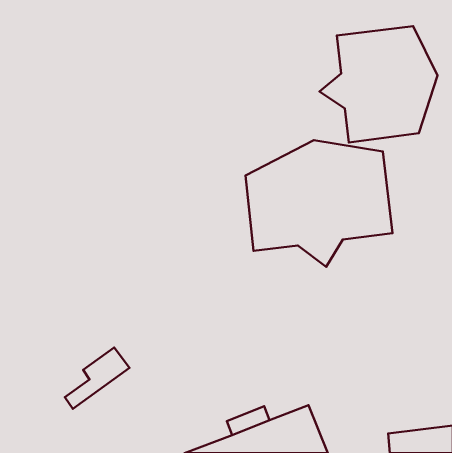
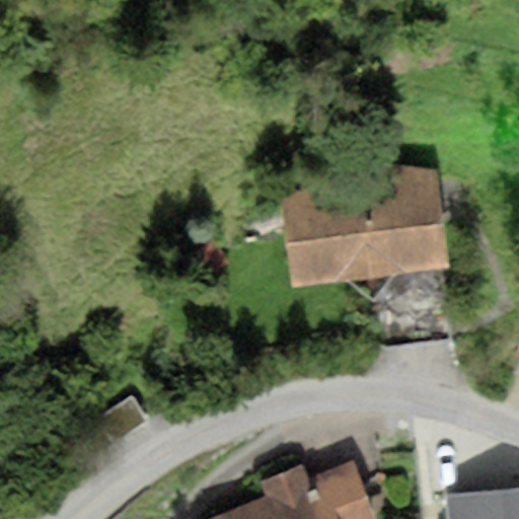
building: [320,26,438,143] -> none

